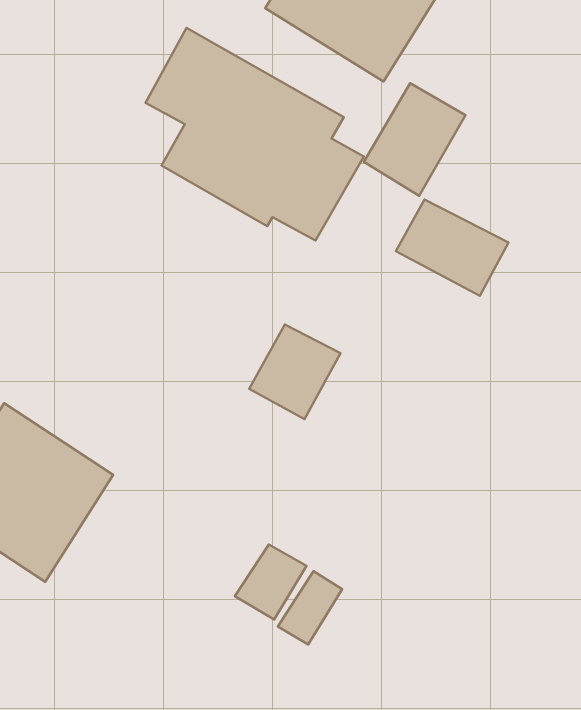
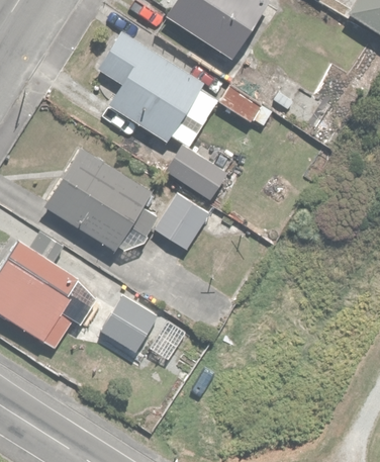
building: [396,199,509,296] -> [165,144,228,198]
building: none -> [43,151,157,249]
building: none -> [99,296,158,356]

